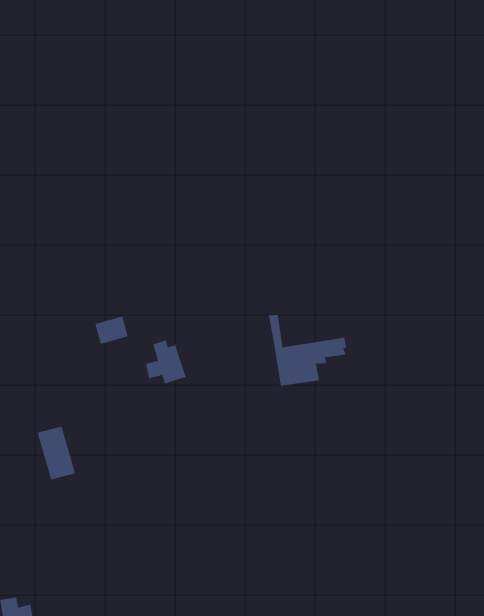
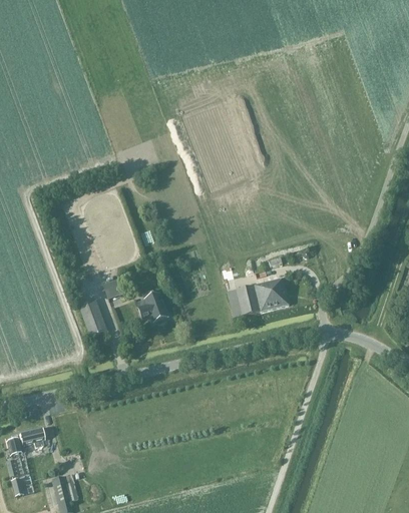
building: none -> [259,278,290,311]
building: [37,426,76,480] -> [79,299,108,337]

